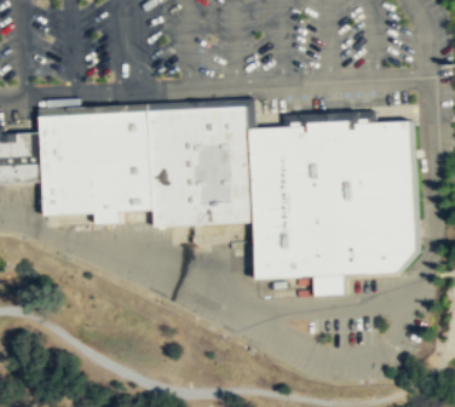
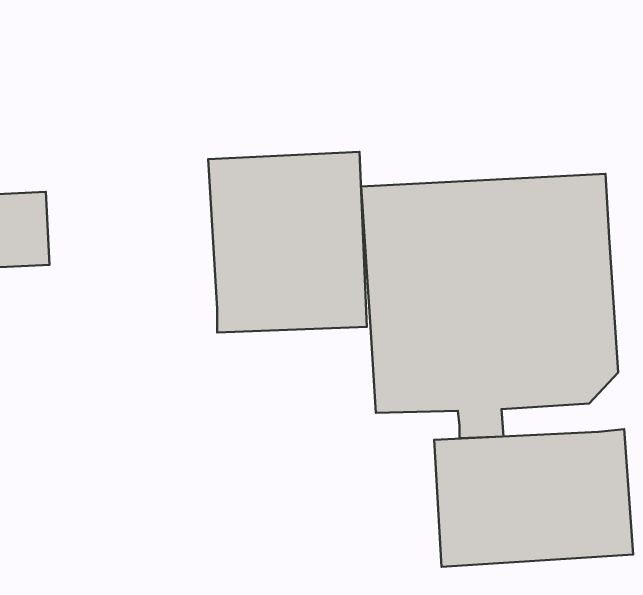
building: [39,110,154,223] -> none
building: none -> [434,429,633,567]

